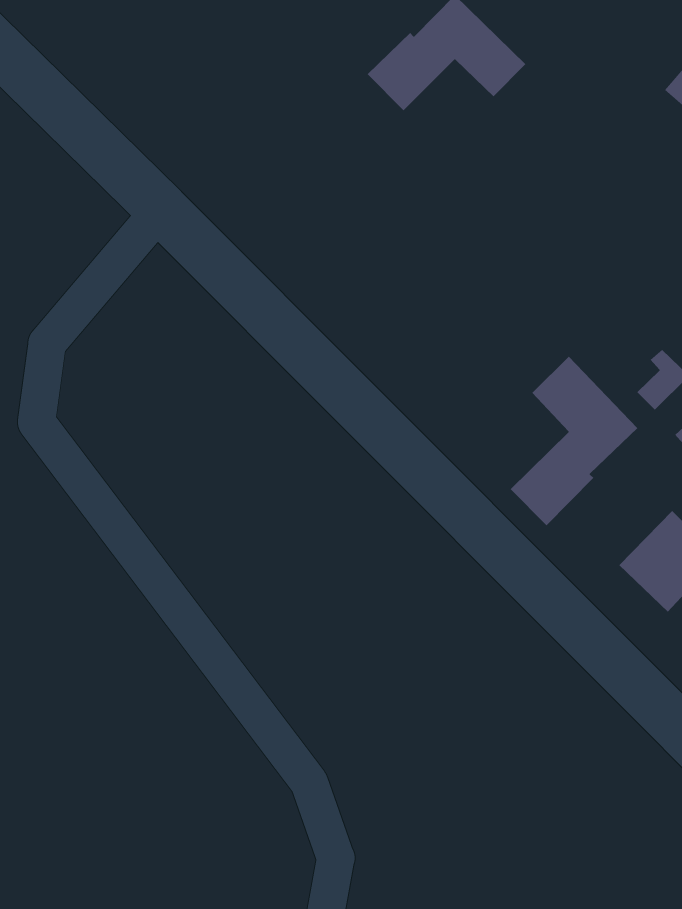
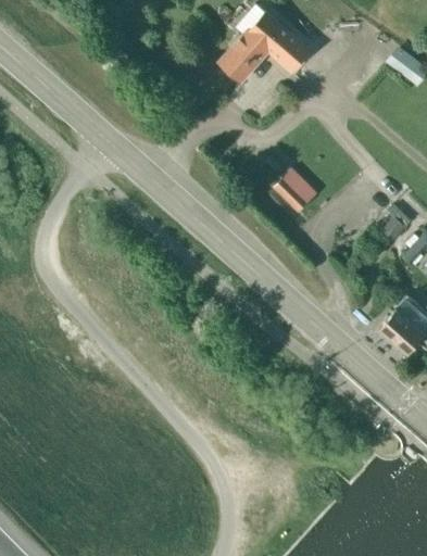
building: none -> [273,172,317,214]
building: [510,356,638,526] -> none

